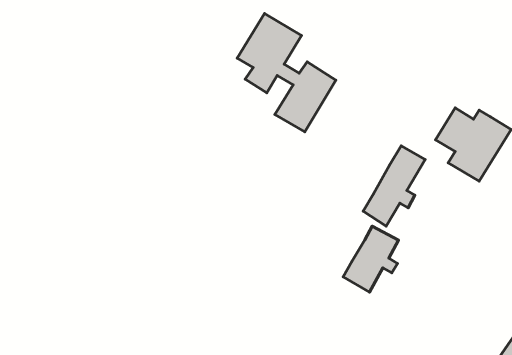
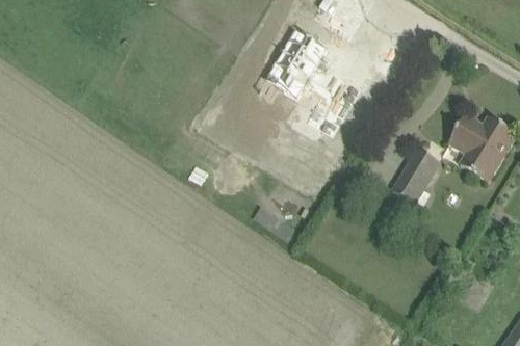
building: [343,226,399,292] -> none

